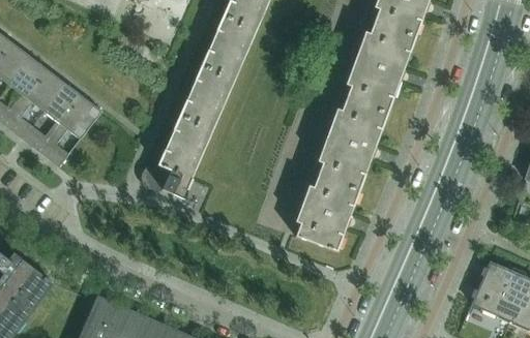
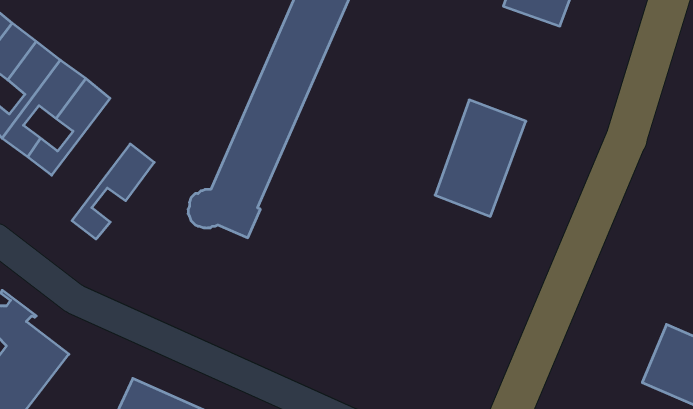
building: [345,31,411,115] -> none
building: [40,98,100,167] -> [72,144,154,239]
building: [294,168,360,252] -> none

